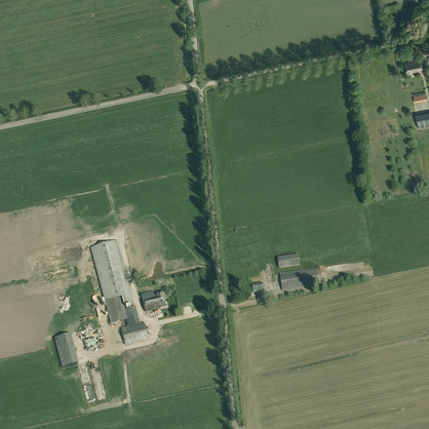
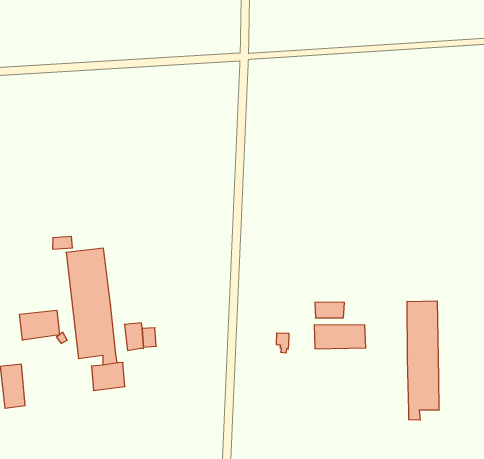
building: none -> [407,301,439,420]
building: none -> [20,310,59,340]

